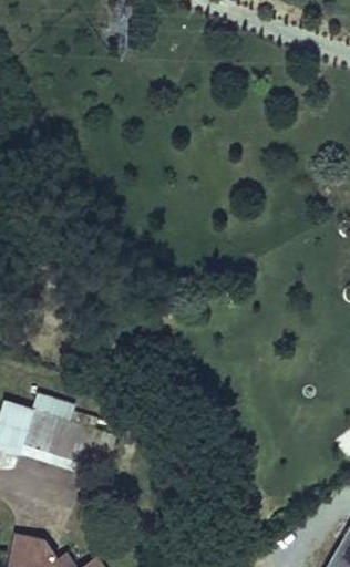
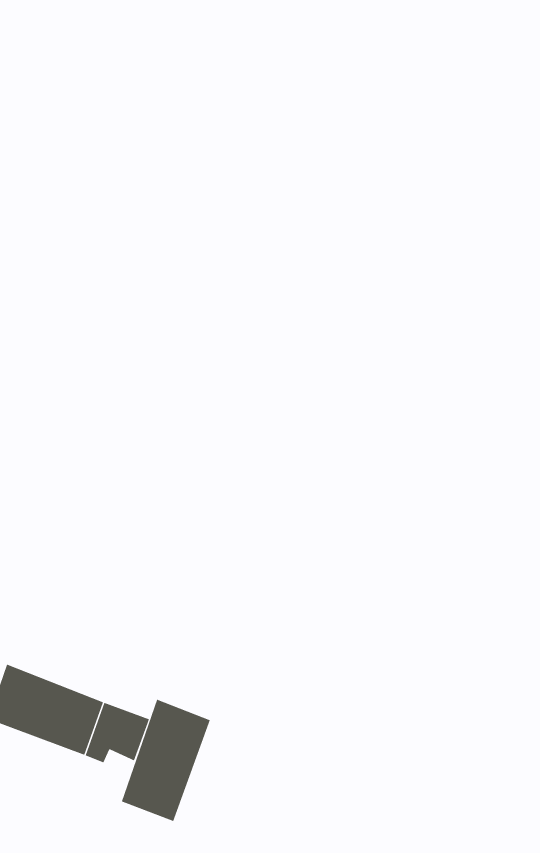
building: none -> [121,699,210,822]

